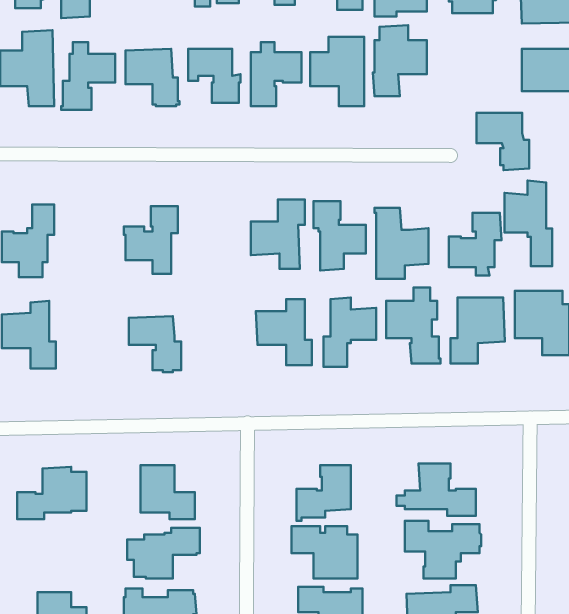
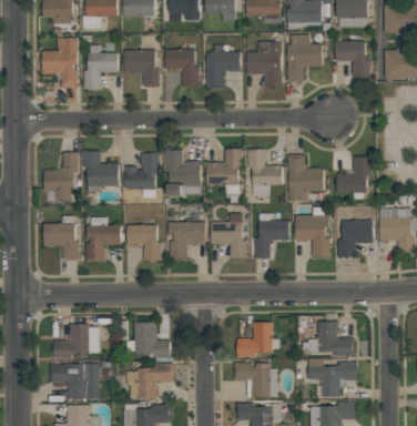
building: [477,113,529,170] -> [335,41,369,79]
building: [505,180,552,266] -> none
building: none -> [80,150,118,192]
building: none -> [164,150,200,196]
building: none -> [169,214,204,257]
building: none -> [85,217,120,262]
building: none -> [50,364,99,399]

